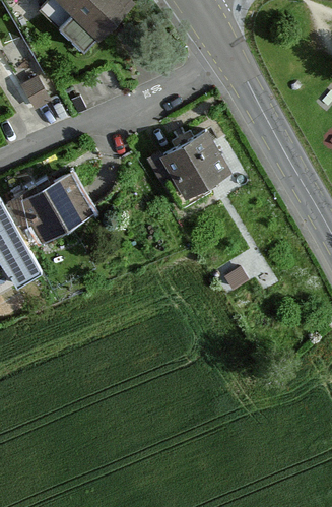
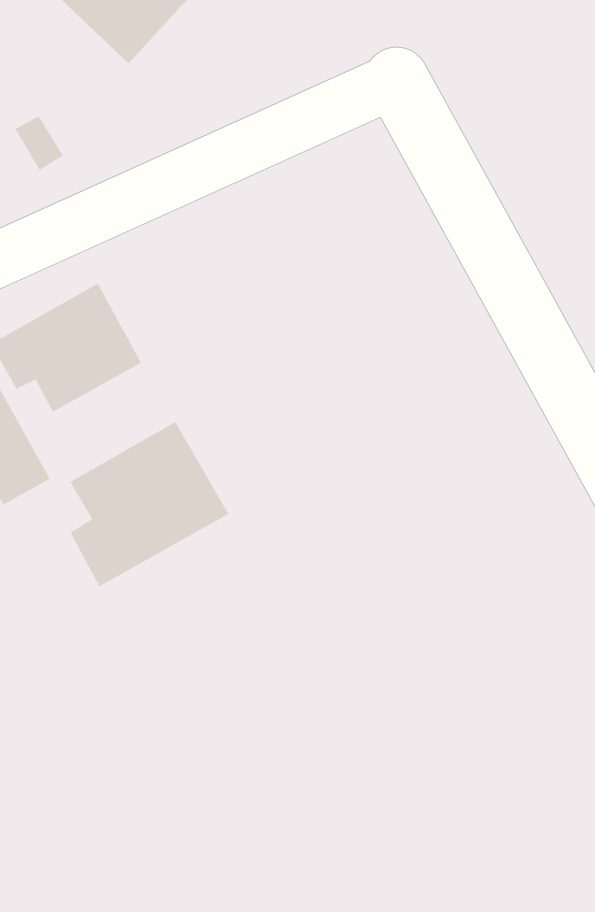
building: [145,123,227,189] -> none
building: none -> [69,421,229,587]

